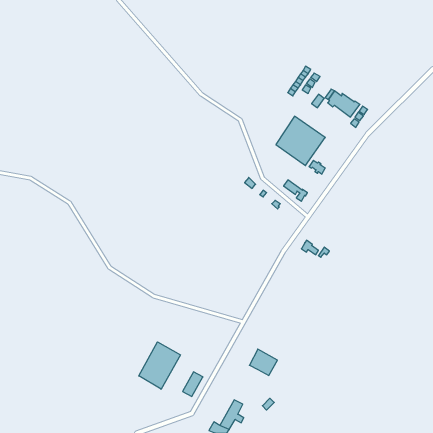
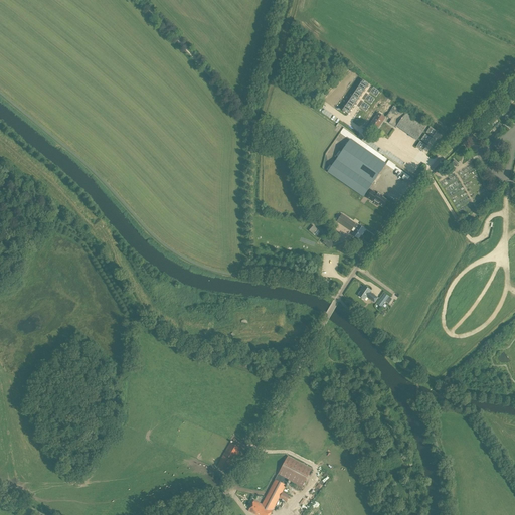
building: [139,342,180,389] -> none
building: [249,349,277,375] -> [278,455,311,486]

